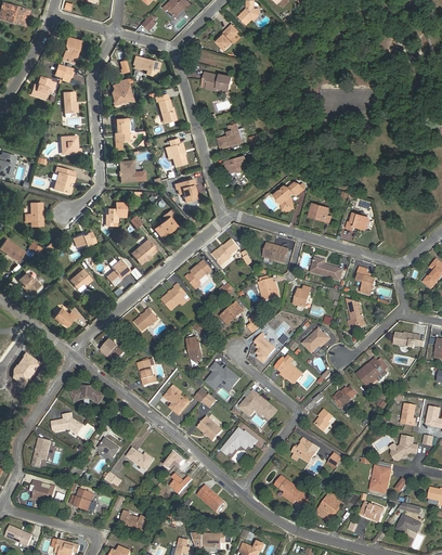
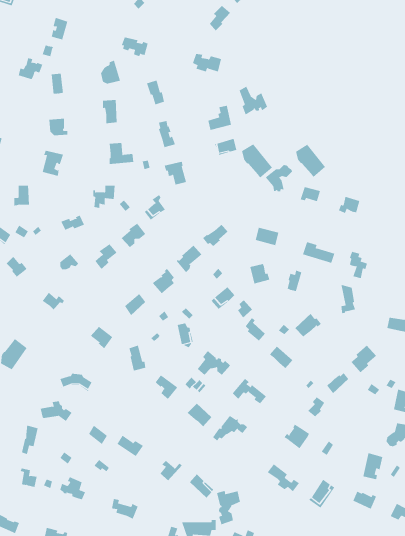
building: none -> [239,86,268,115]
building: none -> [241,143,273,179]
building: none -> [296,144,326,178]
building: none -> [217,490,241,525]

